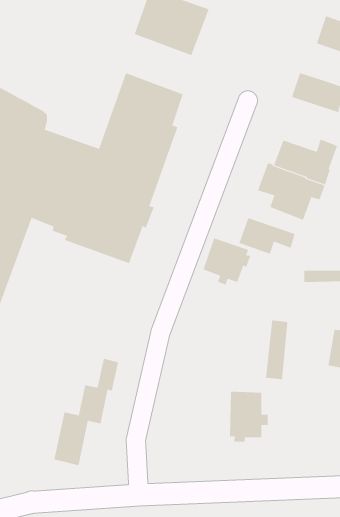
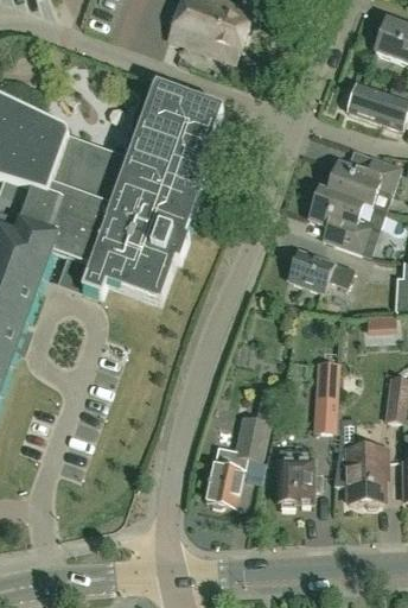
building: [203,237,251,286] -> none
building: [53,358,119,466] -> [205,385,280,508]
building: none -> [349,448,388,505]

